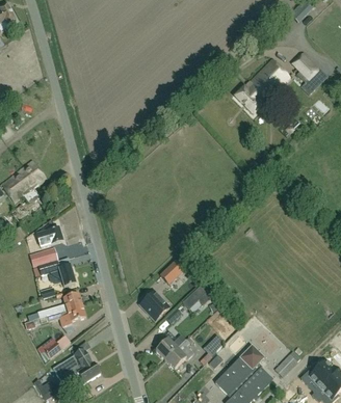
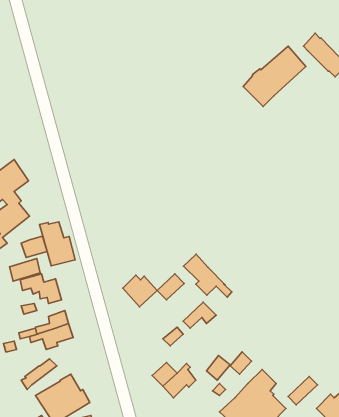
building: none -> [40,222,75,266]
building: none -> [184,254,232,297]
building: [139,293,169,321] -> [123,275,157,307]

